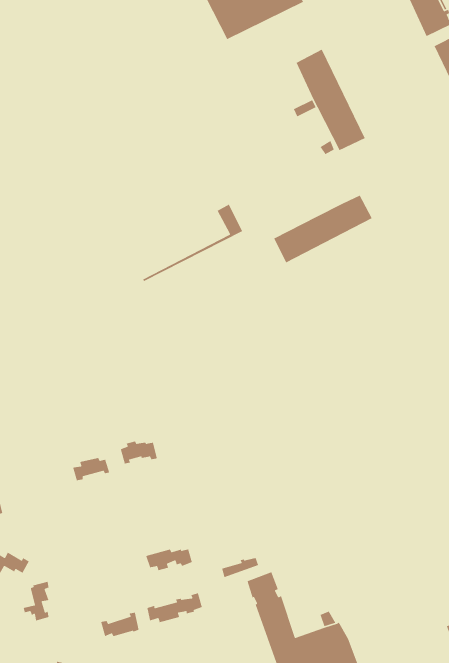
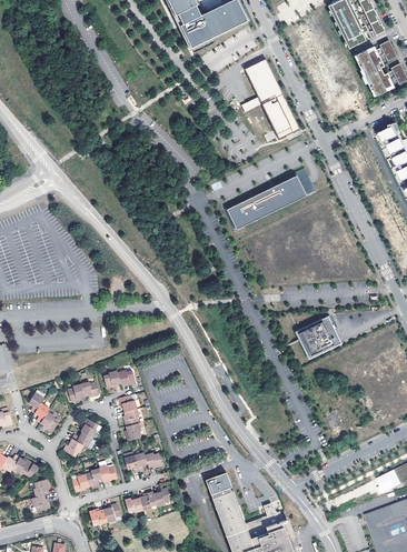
building: [142,203,243,282] -> [236,168,316,230]
building: none -> [295,314,344,358]
building: none -> [29,392,59,431]
building: none -> [119,394,140,440]
building: none -> [63,418,97,455]
building: none -> [71,464,117,492]

